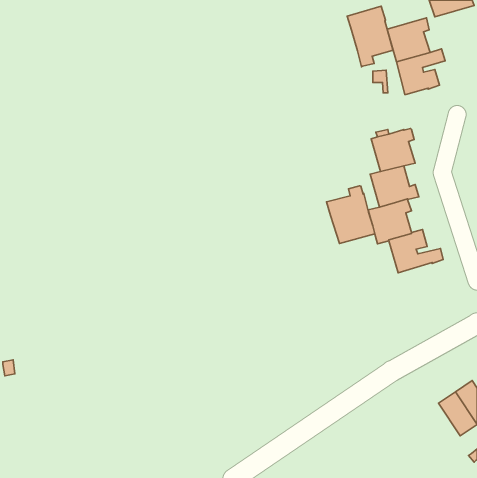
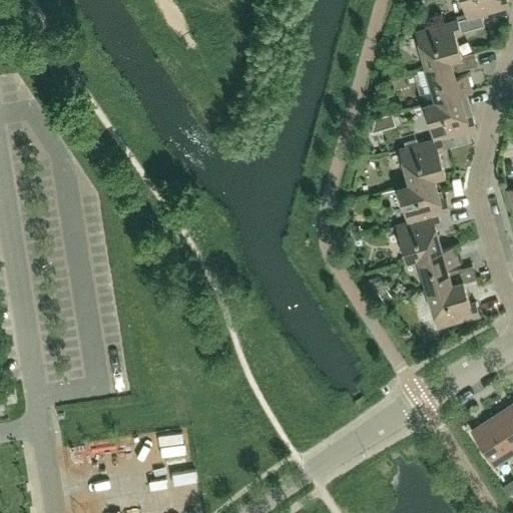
building: [347,6,393,67] -> none
building: none -> [422,95,474,140]
building: [326,186,375,243] -> none
building: none -> [426,282,477,328]

